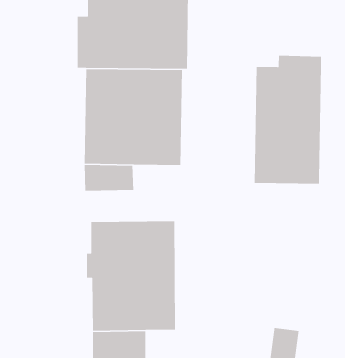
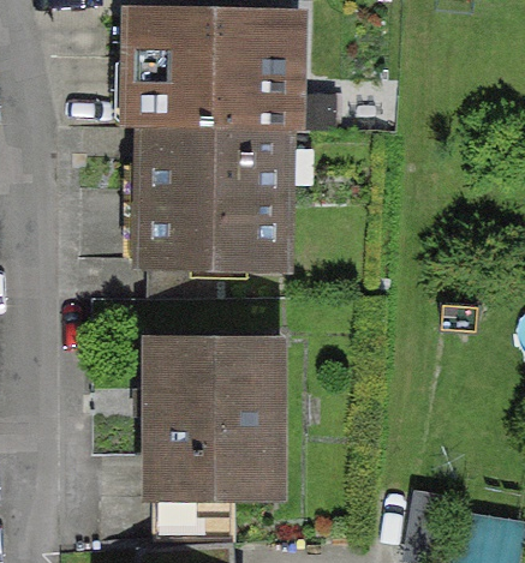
building: [254,55,322,184] -> none

